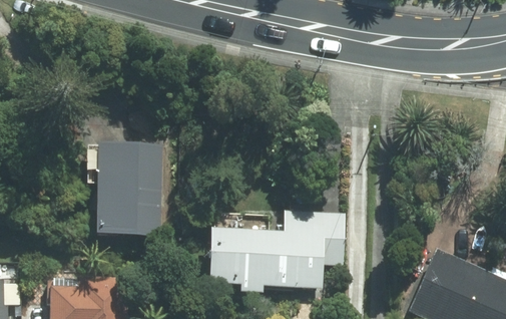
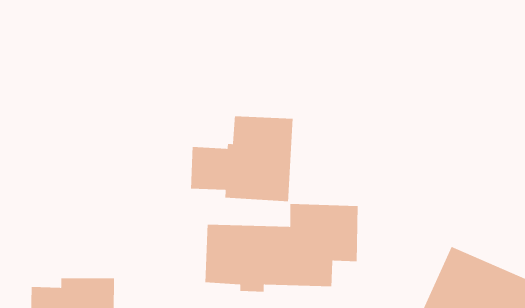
building: none -> [190,115,294,202]
building: [94,142,166,237] -> none

